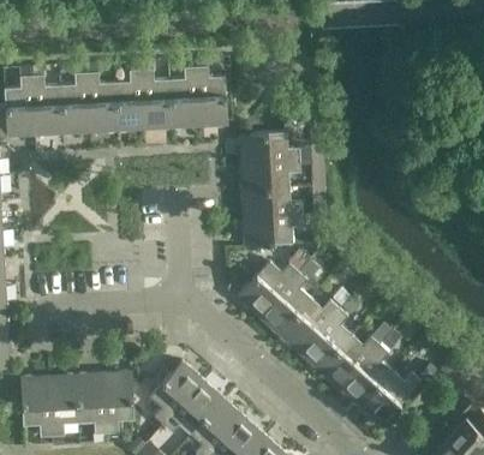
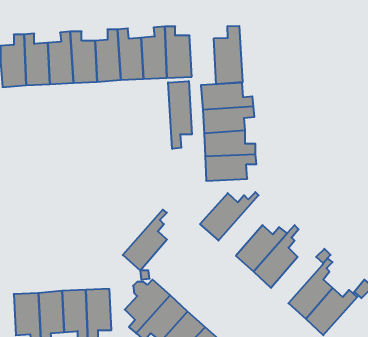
building: none -> [214,26,243,84]
building: none -> [168,81,192,149]
building: [259,262,311,333] -> [123,210,167,270]
building: [321,334,381,388] -> none

